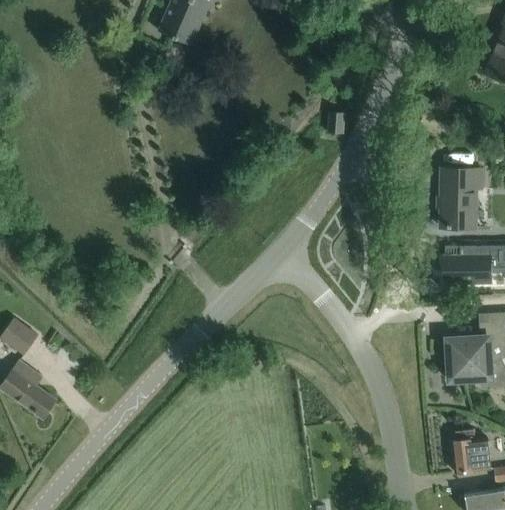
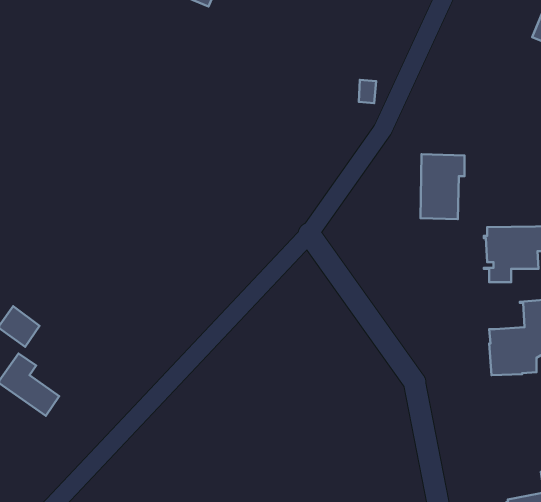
building: [441,168,481,227] -> [420,154,464,219]
building: [453,428,491,472] -> none

